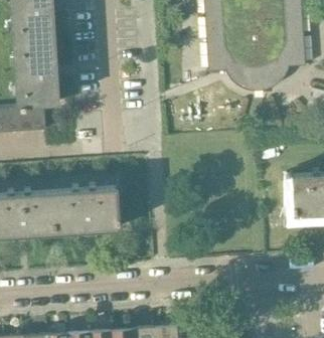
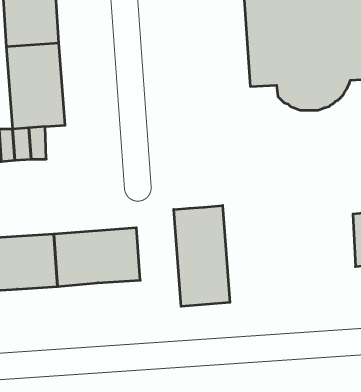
building: none -> [174,205,230,306]

